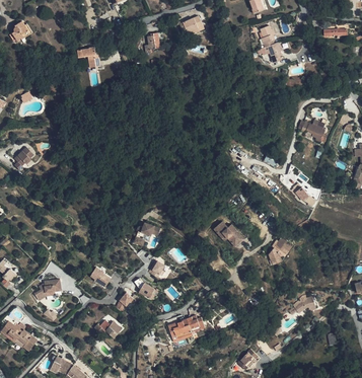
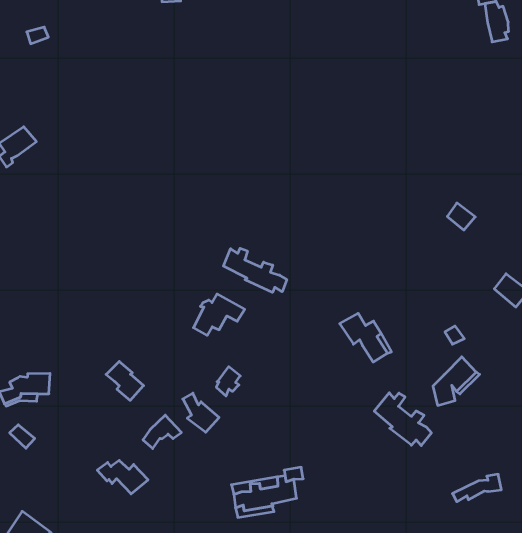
building: none -> [223,248,287,292]
building: none -> [374,393,431,446]

